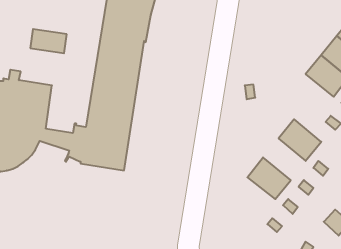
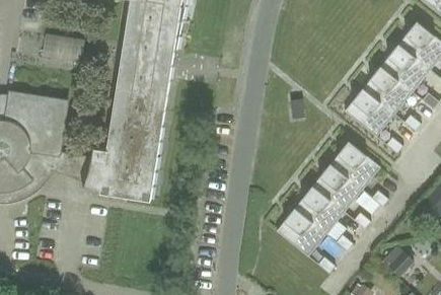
building: none -> [344,88,394,137]
building: none -> [312,163,362,212]
building: none -> [276,209,326,256]

